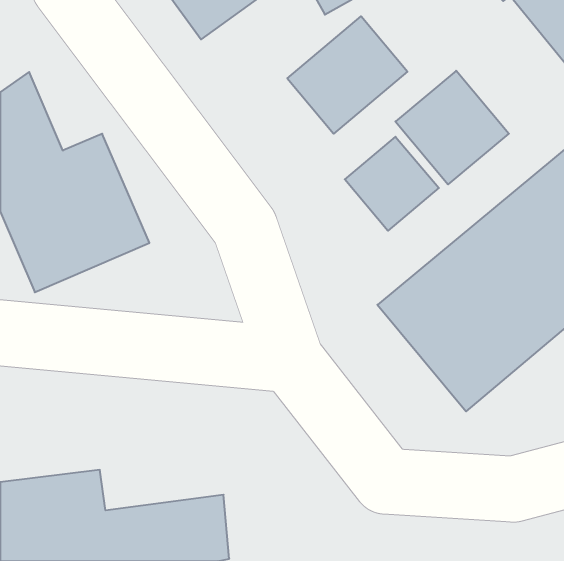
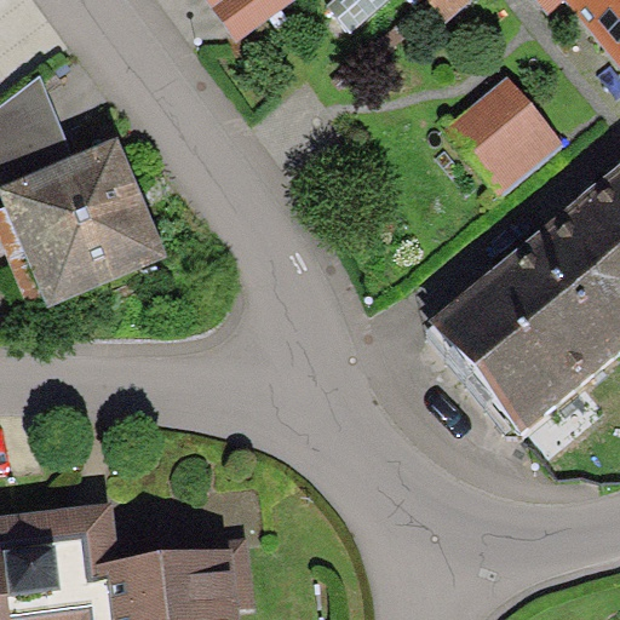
building: [287,16,407,134] -> none
building: [345,137,439,231] -> none

